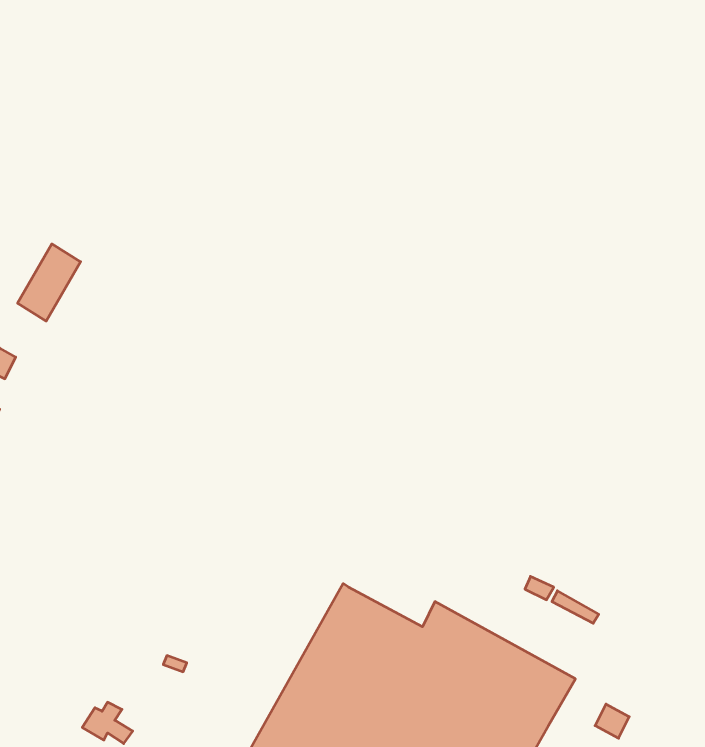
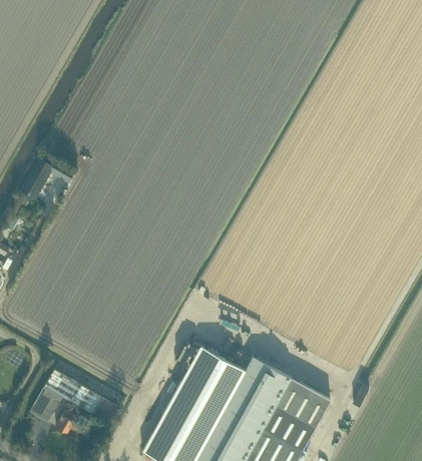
building: none -> [29,371,116,424]

